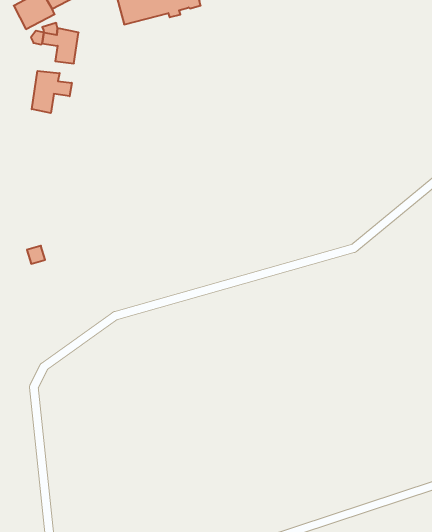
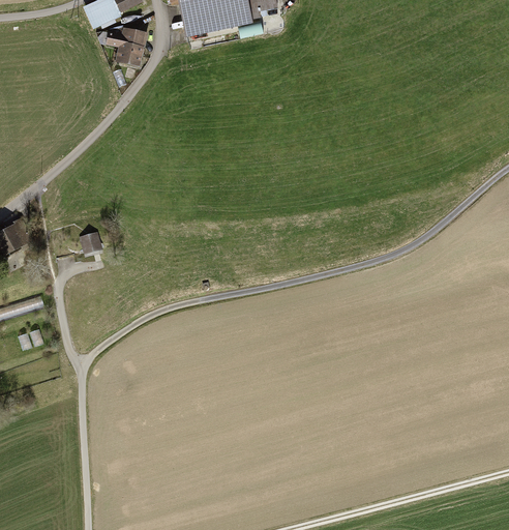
building: [32,71,72,113] -> none

